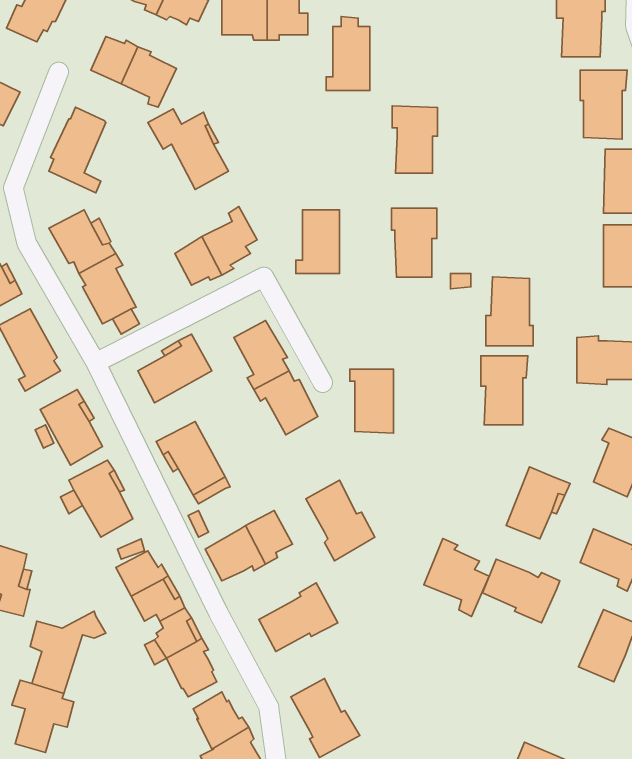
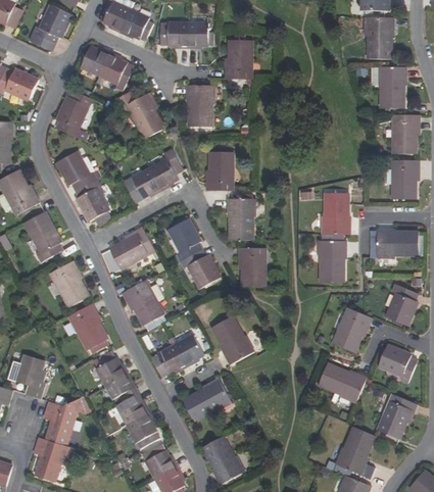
building: [392,106,437,173] -> [186,85,213,126]
building: [391,208,437,277] -> [227,198,254,240]
building: [424,538,489,617] -> none
building: none -> [335,427,374,474]

